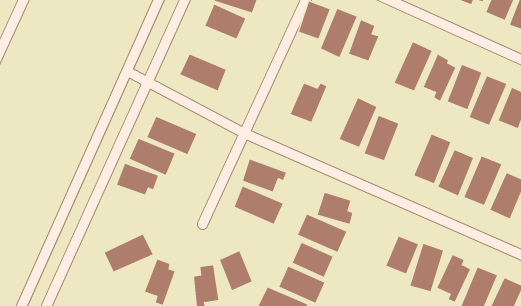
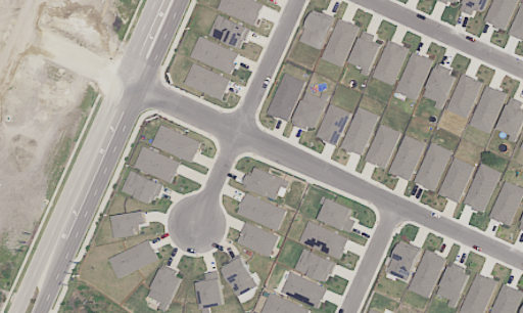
building: none -> [190,37,239,74]
building: none -> [373,40,407,85]
building: none -> [267,73,305,122]
building: none -> [317,104,348,145]
building: none -> [388,135,425,181]
building: none -> [112,211,146,238]
building: none -> [237,224,278,256]

